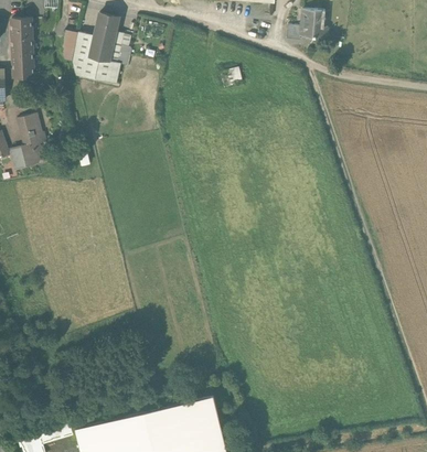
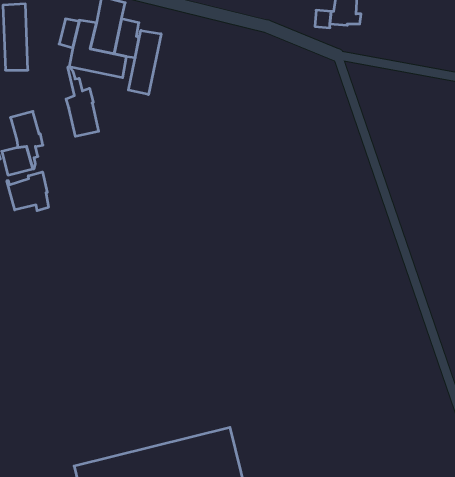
building: none -> [128,30,161,95]
building: none -> [66,66,99,136]
building: none -> [7,172,48,211]

